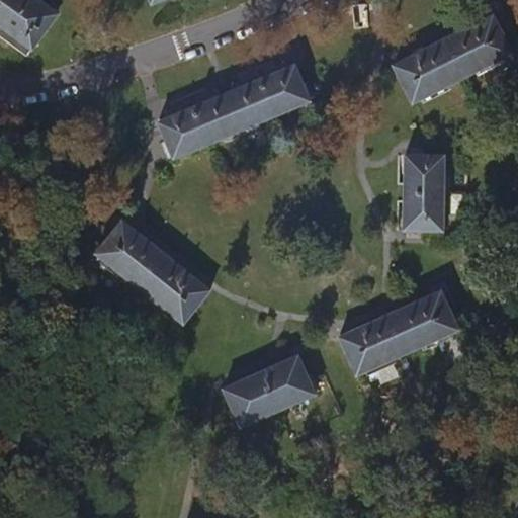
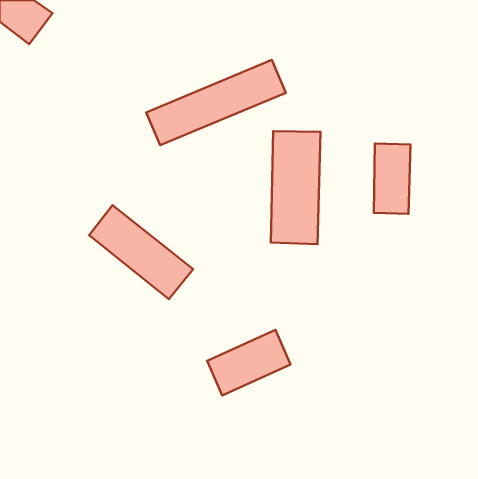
building: [394,15,511,102] -> none
building: none -> [271,131,321,244]
building: [338,292,457,374] -> none

